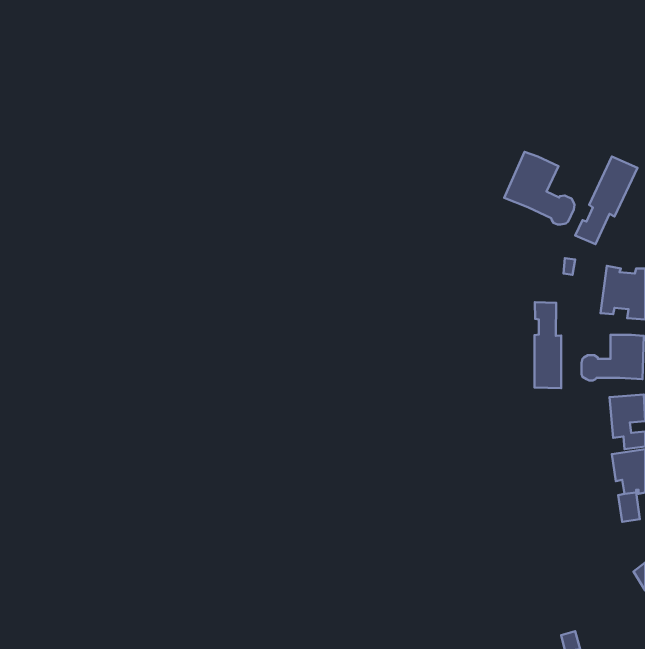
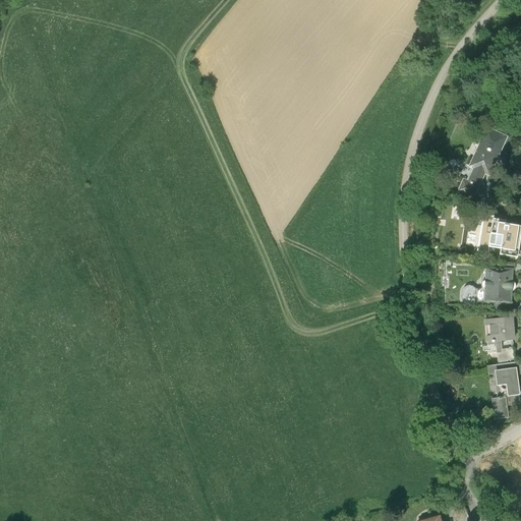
building: [504,152,575,225] -> none
building: [534,302,561,388] -> none

